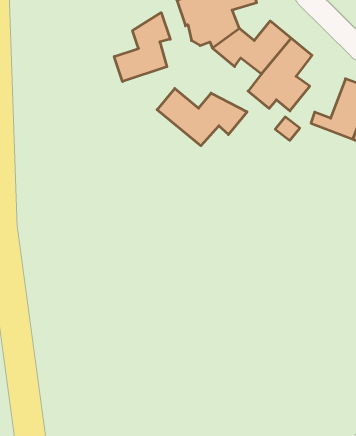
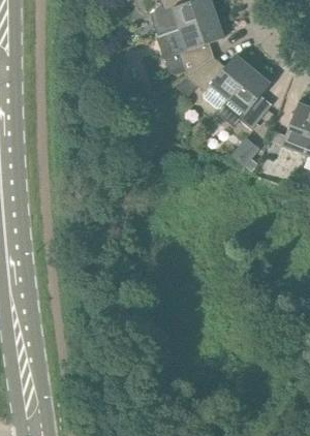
building: [114,13,170,82] -> none
building: [157,88,247,146] -> none

